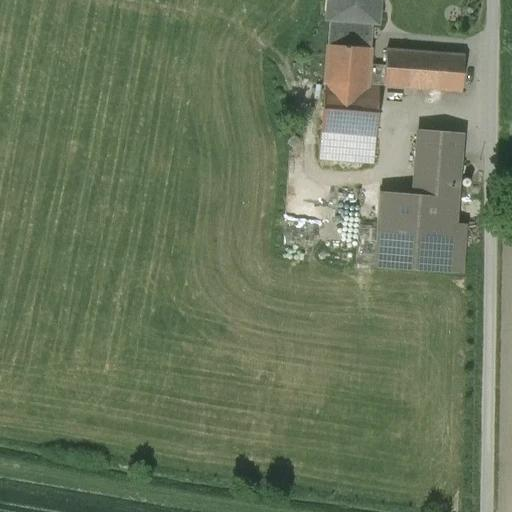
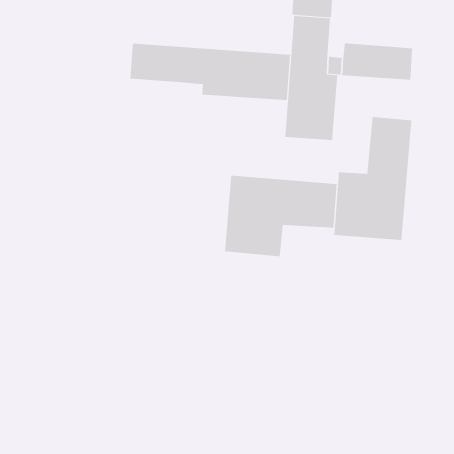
building: none -> [130,43,291,101]
building: none -> [224,175,337,257]

